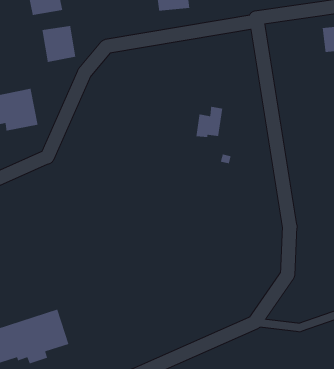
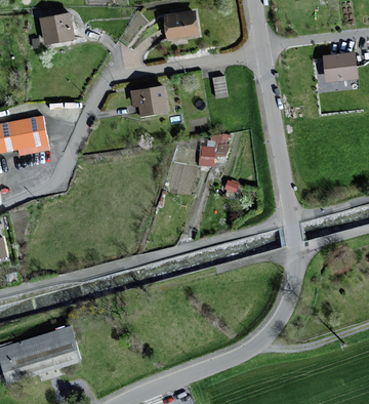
building: [42,25,76,63] -> none
building: none -> [129,86,167,115]

